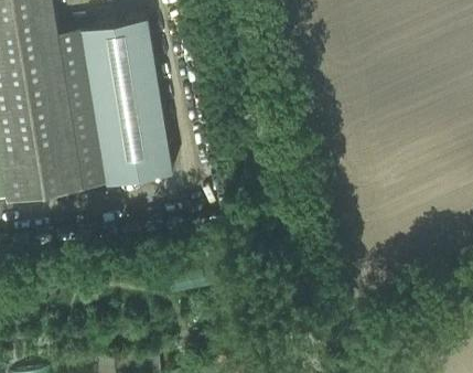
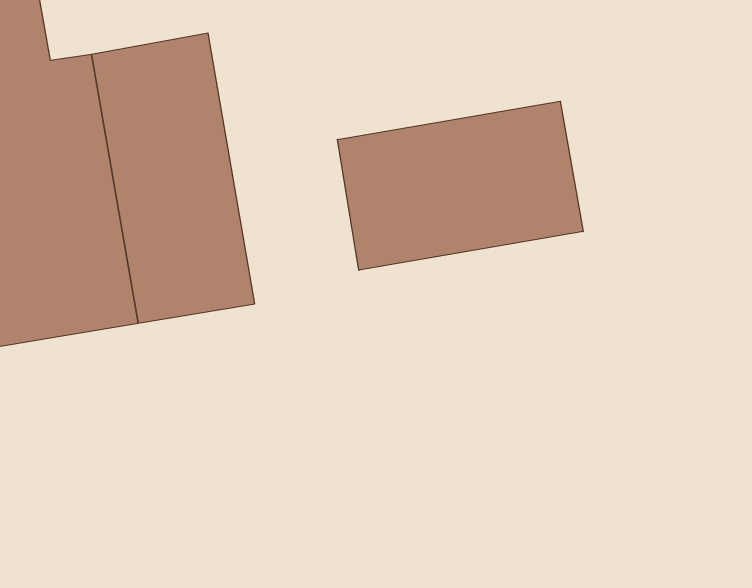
building: none -> [337,101,583,270]

